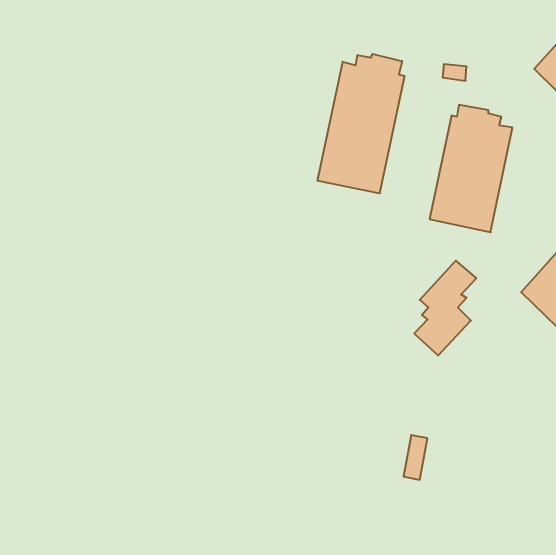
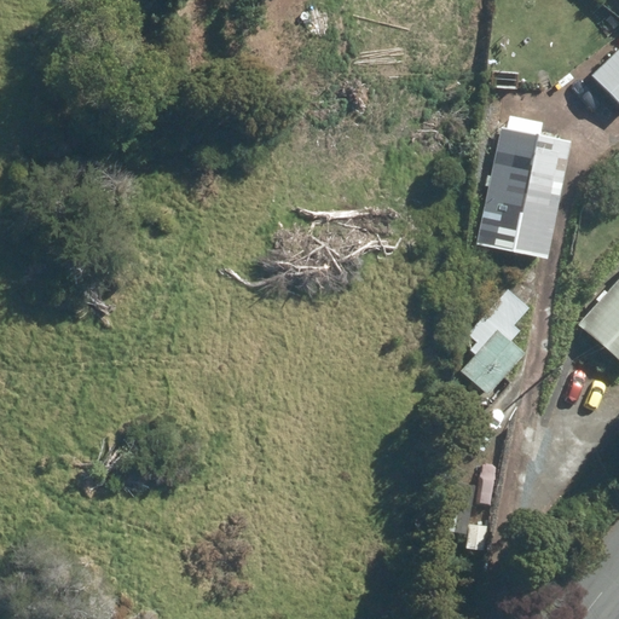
building: [317,54,404,193] -> none

